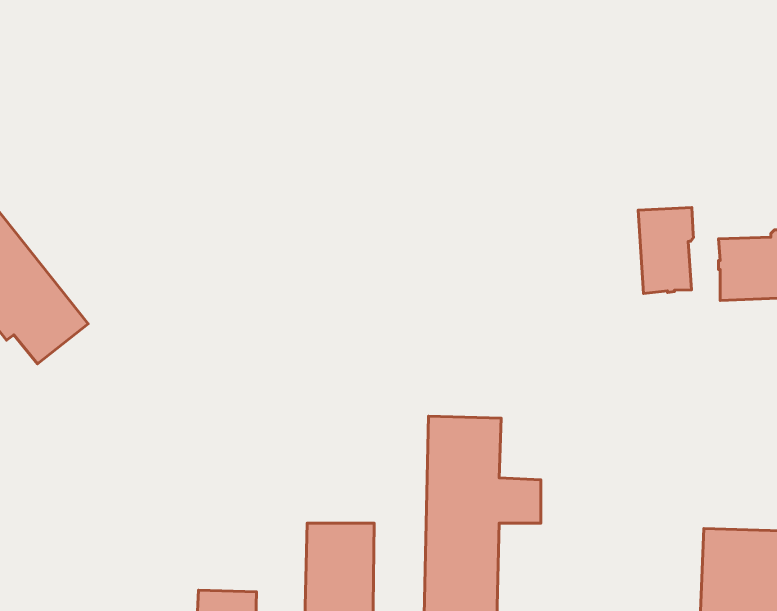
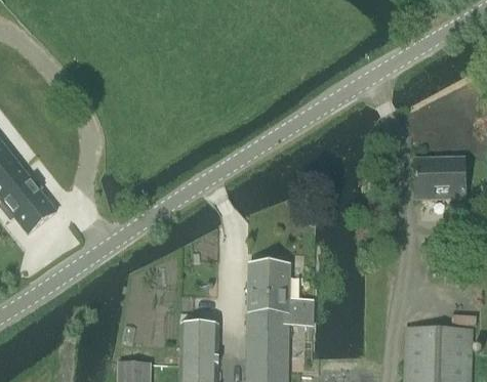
building: [638,207,693,294] -> none

